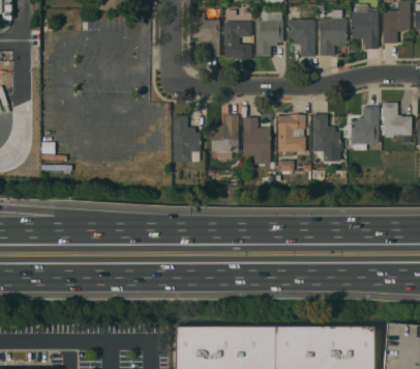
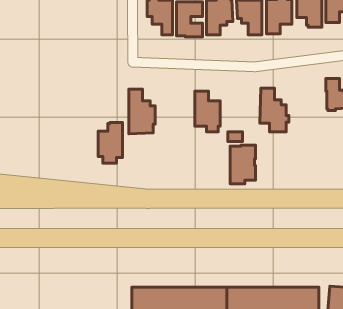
building: [351,106,379,150] -> none
building: [278,114,305,155] -> [230,145,255,184]
building: [212,115,238,159] -> [98,122,122,163]

